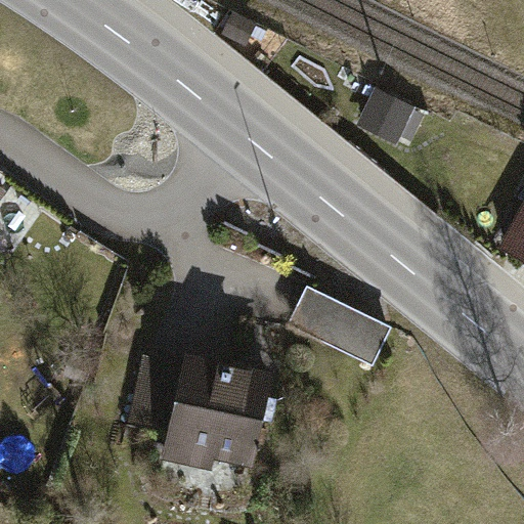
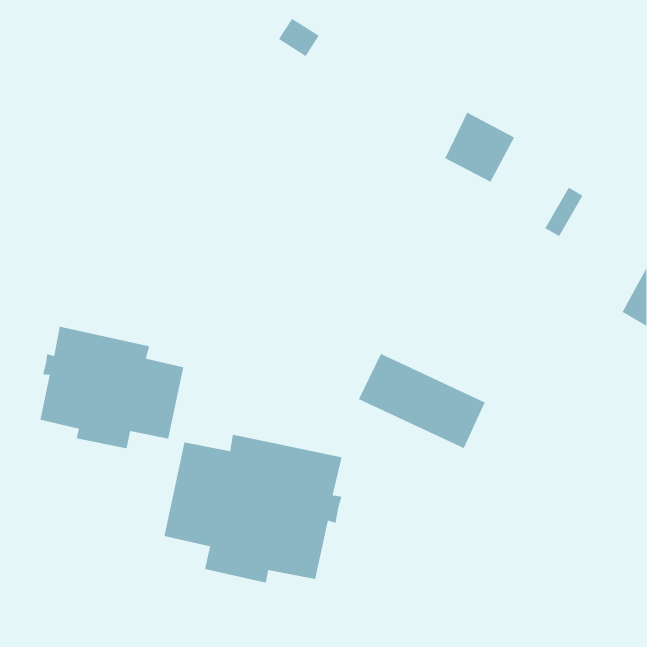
building: none -> [39,326,184,449]

